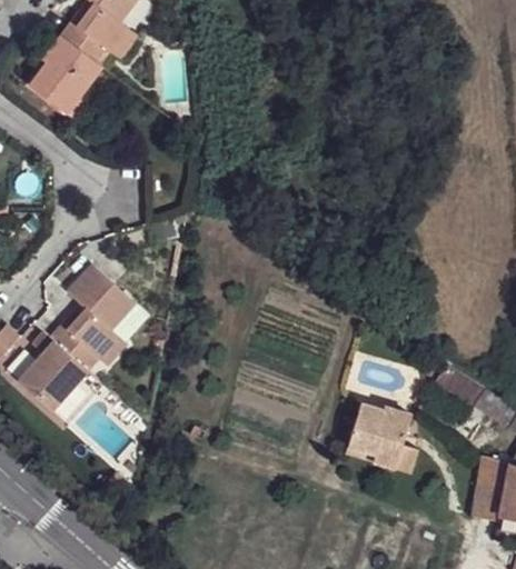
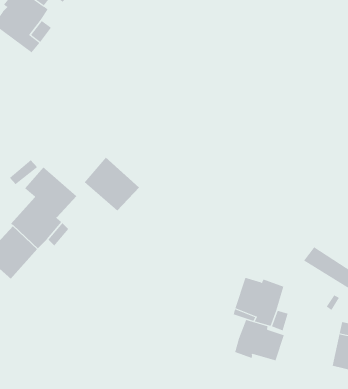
building: none -> [84,157,140,212]
building: none -> [234,319,285,361]

